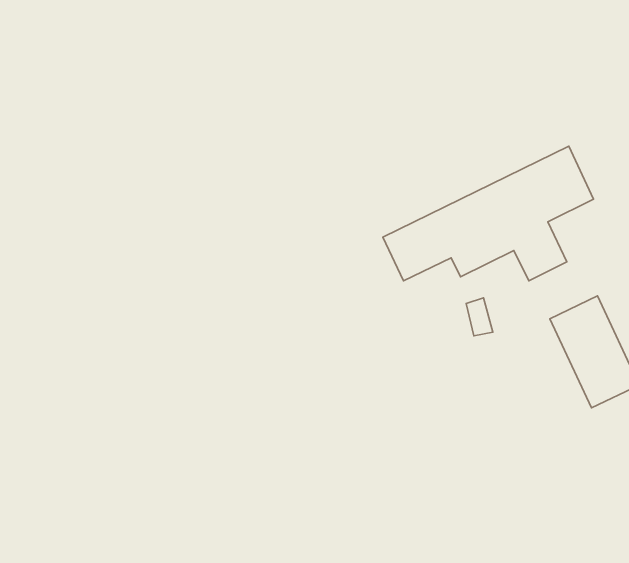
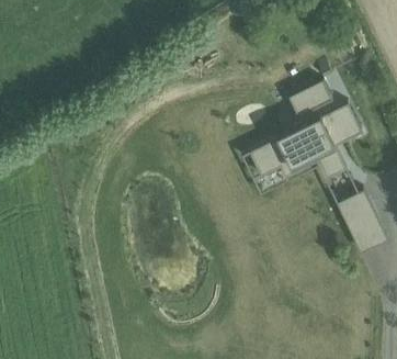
building: none -> [287,78,333,116]

